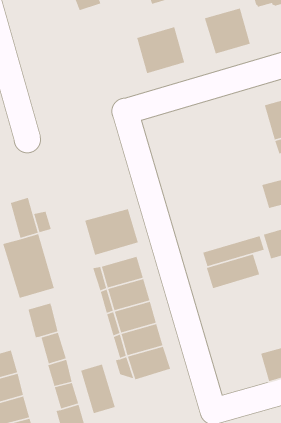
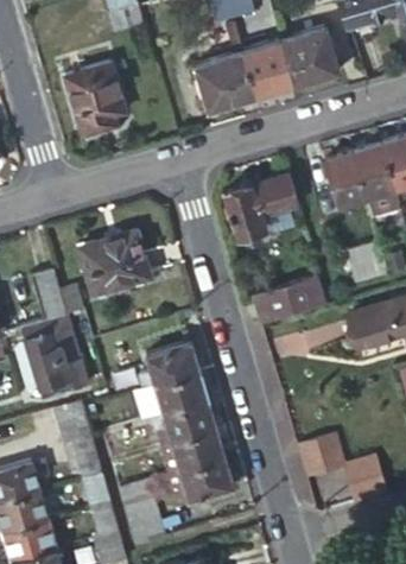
building: none -> [240,42,291,99]
building: none -> [63,63,123,138]
building: none -> [324,152,366,205]
building: none -> [224,175,298,239]
building: [84,208,139,256] -> [81,232,150,292]
building: [206,253,260,289] -> [258,277,326,322]
building: none -> [300,436,348,479]

